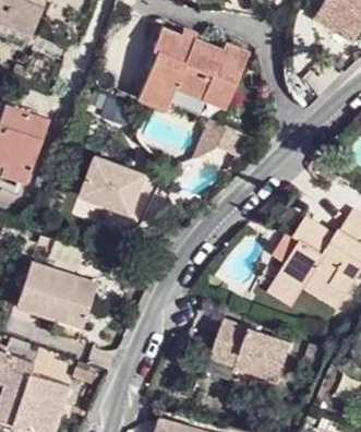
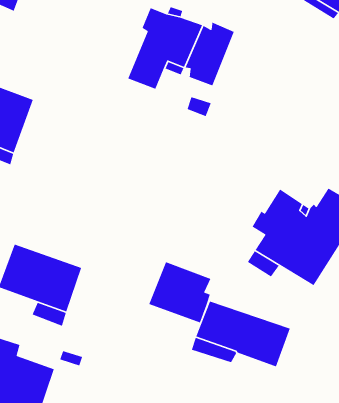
building: [82,158,146,216] -> none
building: none -> [148,261,212,324]

